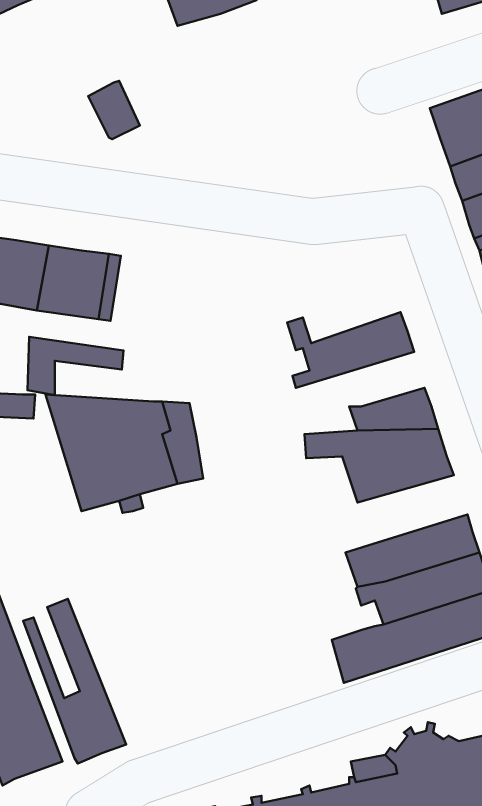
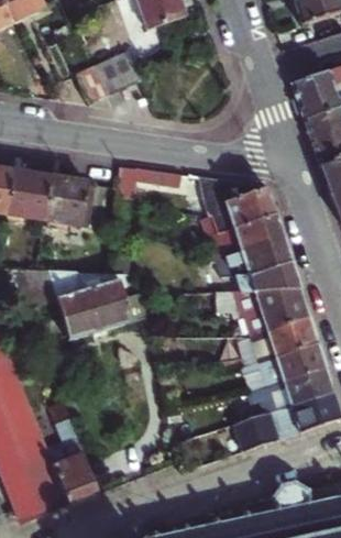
building: none -> [95,53,139,96]
building: none -> [198,177,275,235]
building: [27,337,123,395] -> [119,166,180,204]
building: none -> [208,241,290,276]
building: none -> [248,320,318,364]

